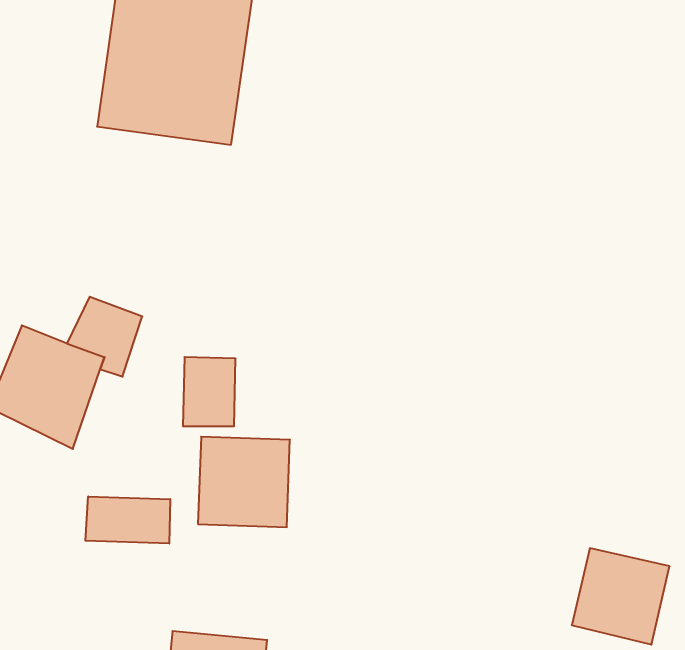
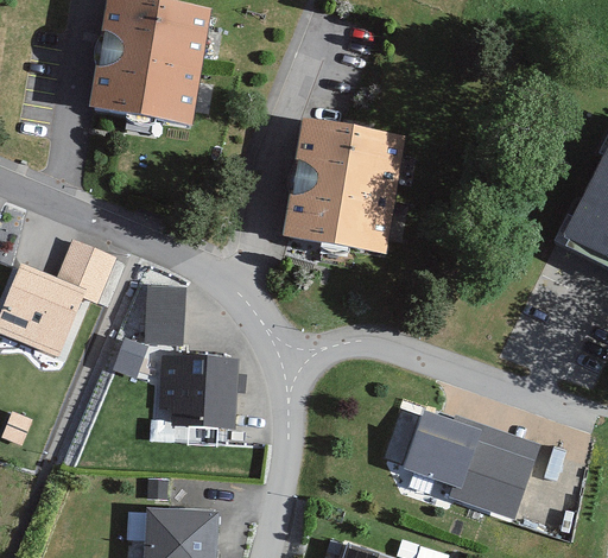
building: none -> [274,118,399,251]
building: [85,496,170,544] -> none
building: none -> [393,416,469,490]

